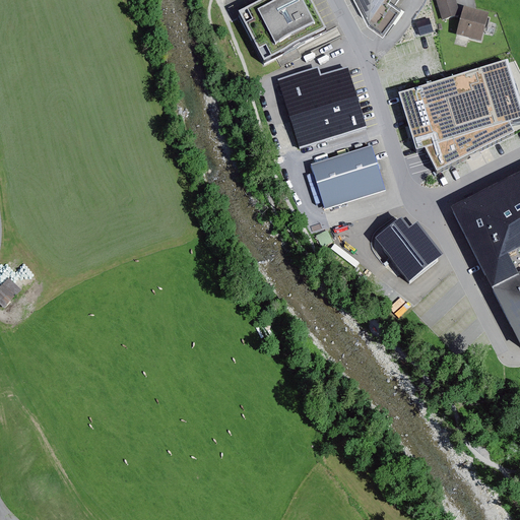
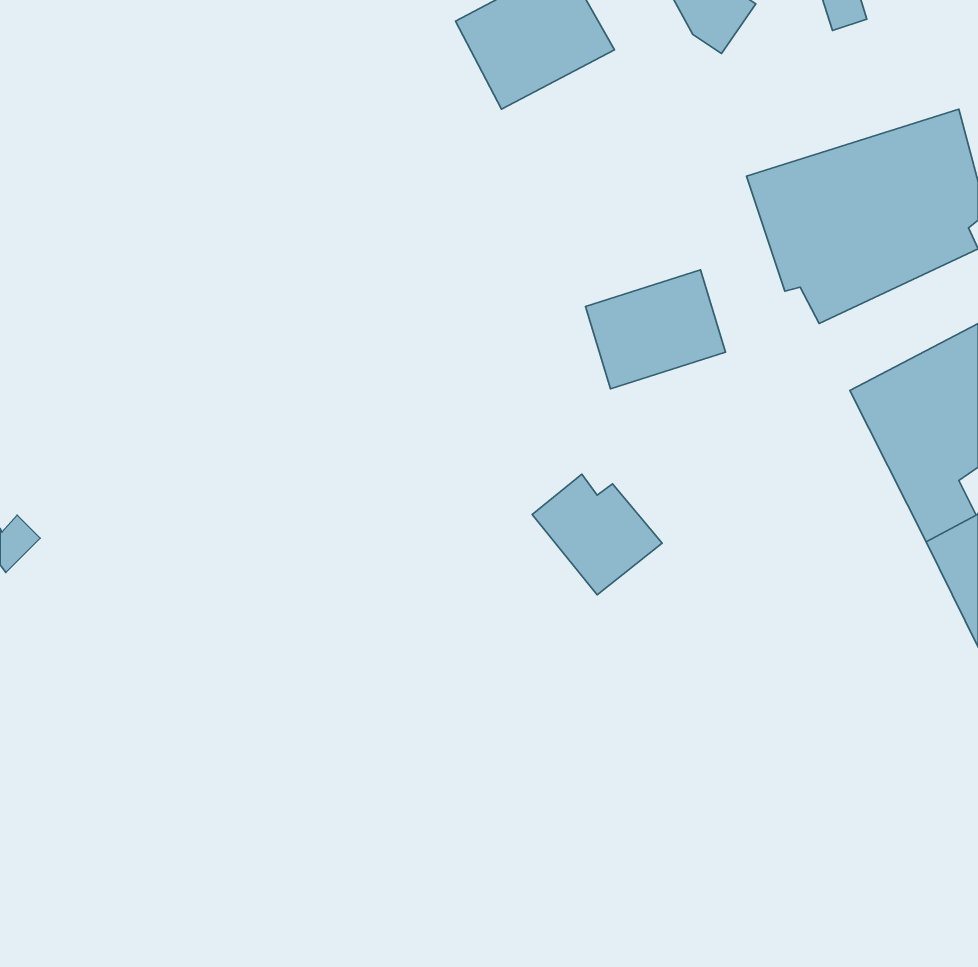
building: [457,4,490,40] -> none
building: [279,63,368,144] -> none
building: [375,216,444,280] -> [532,474,662,595]

